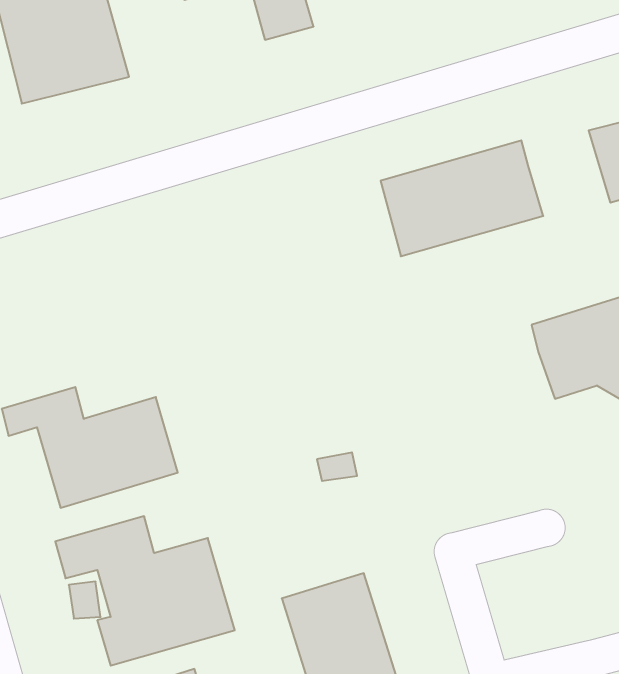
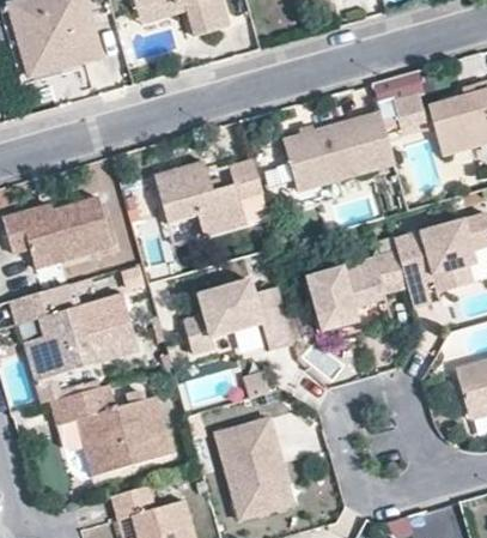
building: none -> [372,67,427,126]
building: none -> [157,155,263,235]
building: none -> [13,198,103,273]
building: none -> [310,259,407,328]
building: none -> [187,280,294,357]

